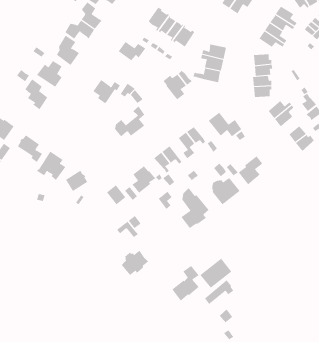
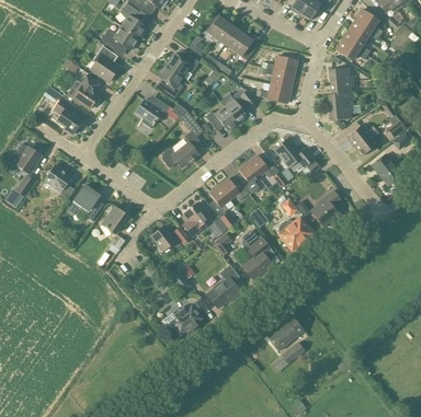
building: none -> [157,65,183,97]
building: none -> [205,106,237,131]
building: [172,265,200,301] -> [206,265,240,309]

